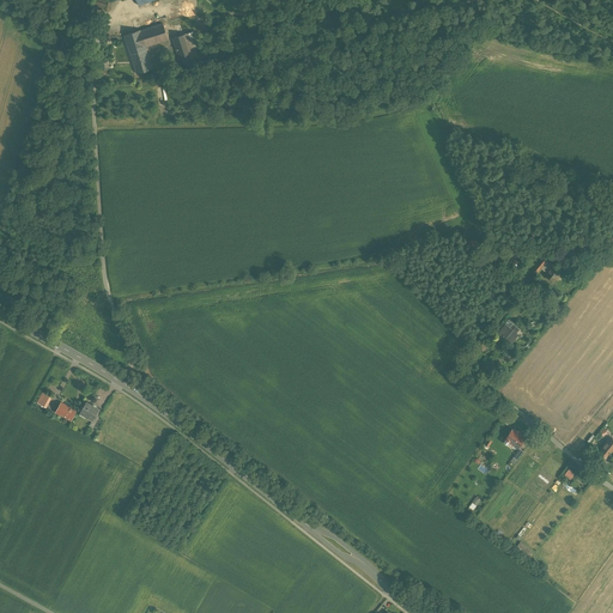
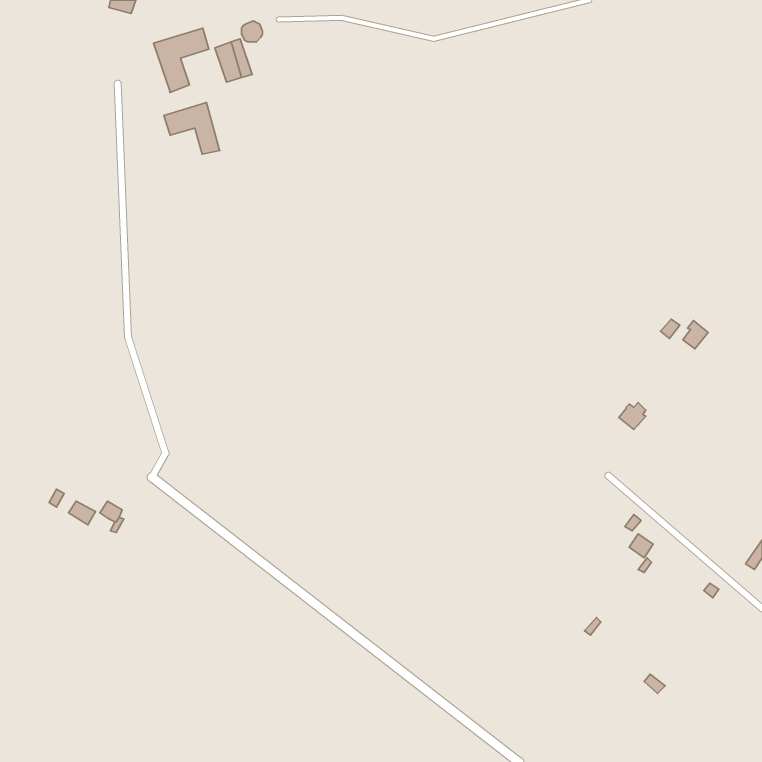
building: none -> [164,103,220,154]

